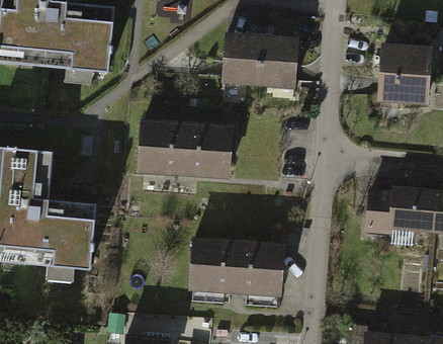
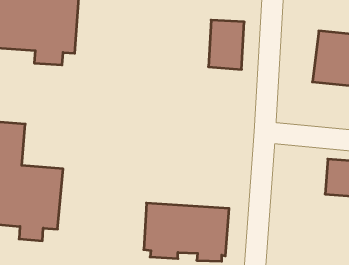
building: [224,30,263,85] -> none
building: [138,117,235,177] -> none
building: [367,187,394,234] -> none

